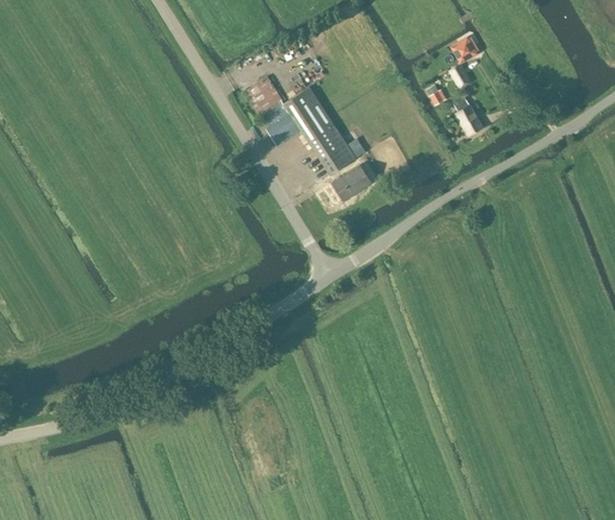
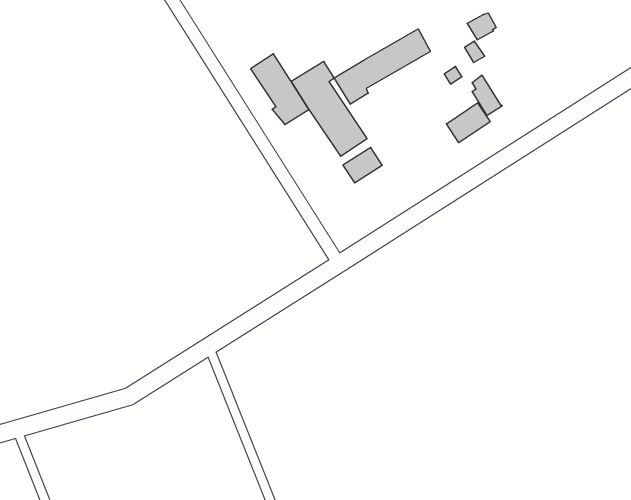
building: none -> [334,29,430,104]
building: none -> [446,103,490,143]

